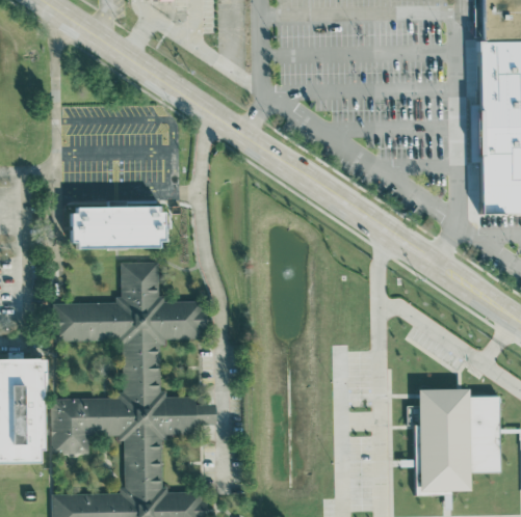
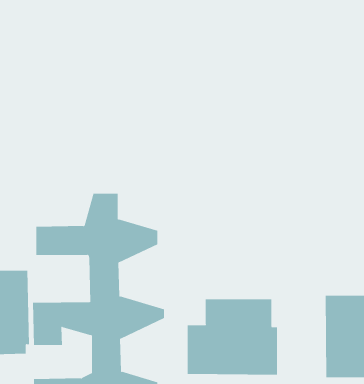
building: [74,206,167,247] -> none
building: none -> [187,299,277,376]

